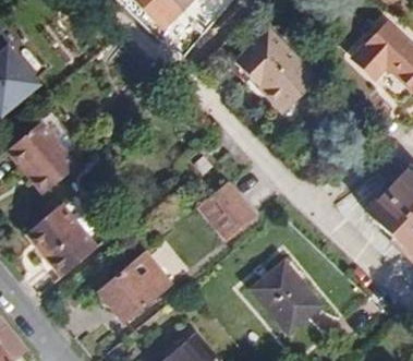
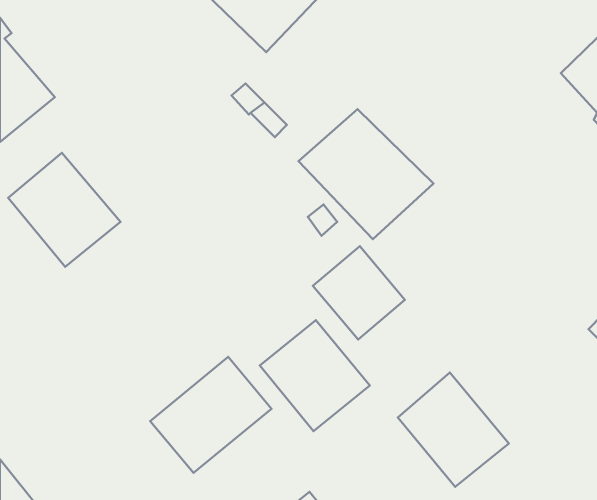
building: [236,37,321,119] -> [298,109,434,239]
building: [25,196,97,269] -> none
building: none -> [260,320,370,431]

